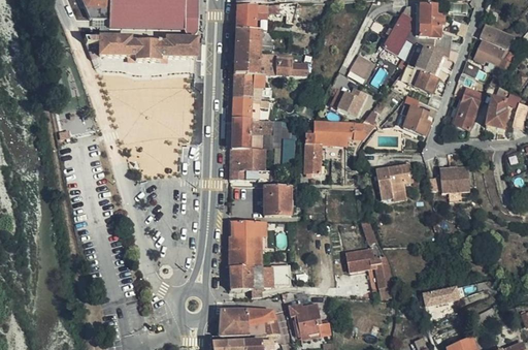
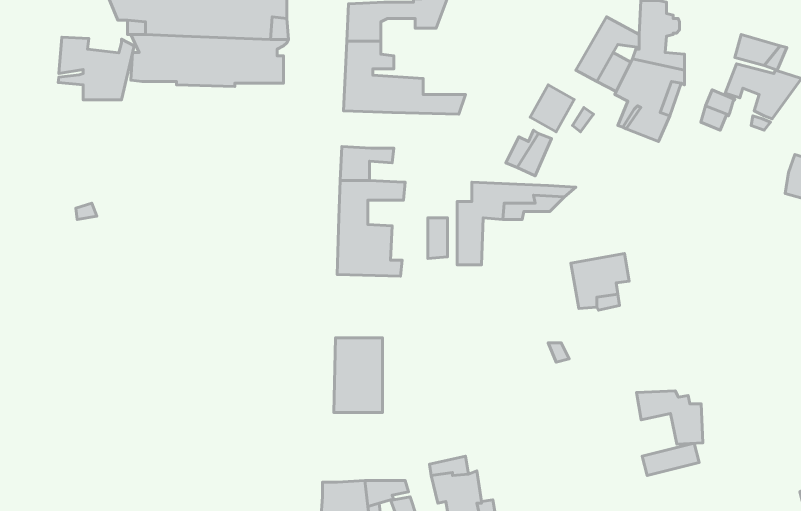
building: none -> [58,37,134,100]
building: [232,73,264,97] -> none
building: [453,87,487,128] -> none
building: [403,95,431,136] -> none
building: [487,98,508,128] -> none
building: [442,164,473,189] -> none
building: [262,185,288,213] -> none
building: [350,251,392,285] -> [636,391,703,444]
building: [227,262,287,289] -> none

